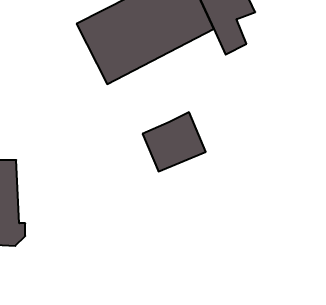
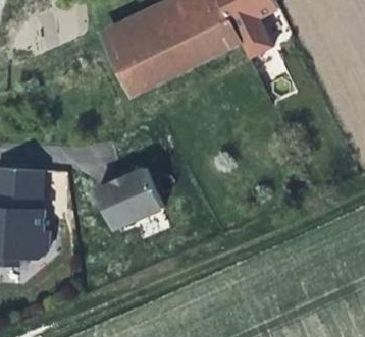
building: [143,112,206,171] -> [96,165,161,226]

